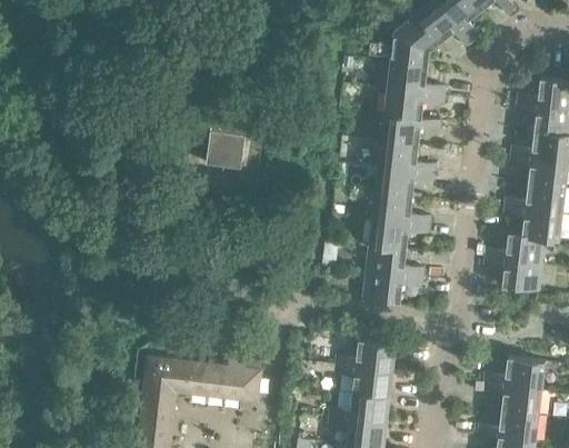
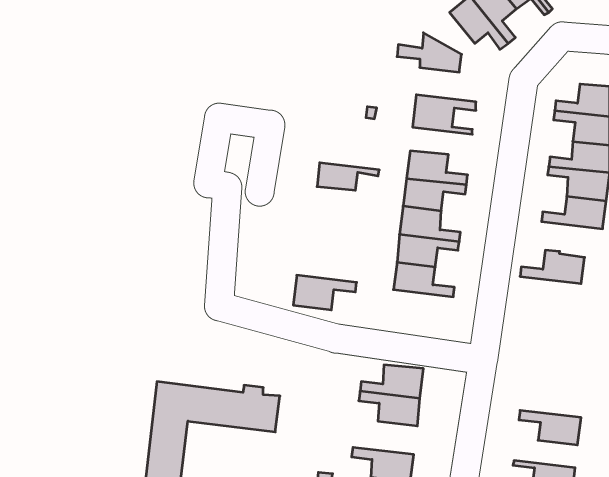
building: [395,12,442,51] -> none
building: [388,63,445,96] -> none
building: [382,119,440,145] -> [317,163,379,190]
building: [206,120,247,169] -> none
building: [503,207,561,241] -> none
building: [485,258,541,291] -> none
building: [363,270,422,302] -> [293,275,357,310]
building: [485,357,545,389] -> none
building: [329,392,389,424] -> none
building: [479,410,538,436] -> none

